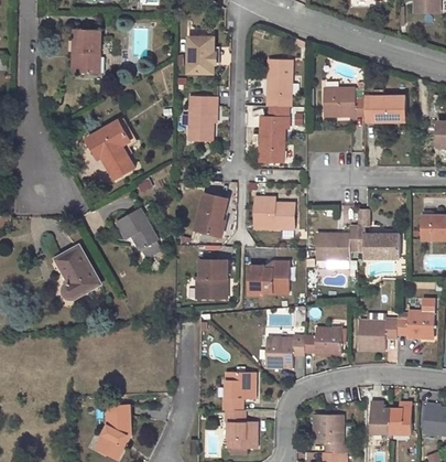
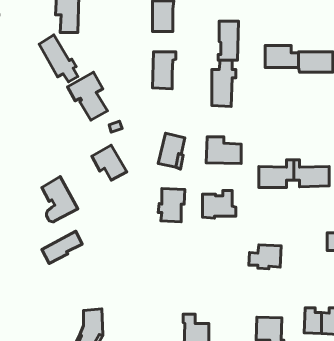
building: none -> [39,35,78,82]
building: none -> [42,231,82,264]
building: [357,313,396,351] -> none
building: [263,336,304,368] -> none
building: [221,372,254,410] -> none

